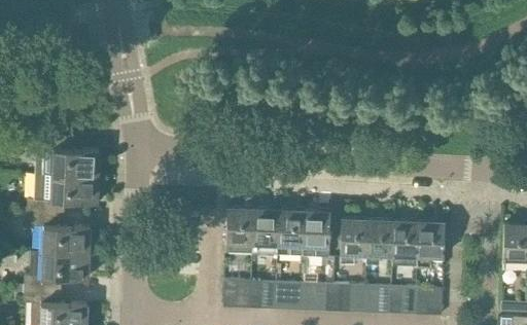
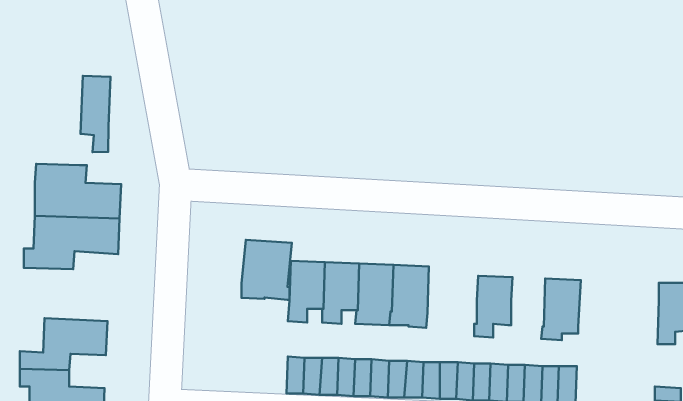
building: none -> [81,76,111,152]
building: none -> [241,240,292,300]
building: [26,212,91,252] -> none
building: [341,217,368,263] -> none
building: [391,219,419,265] -> none

